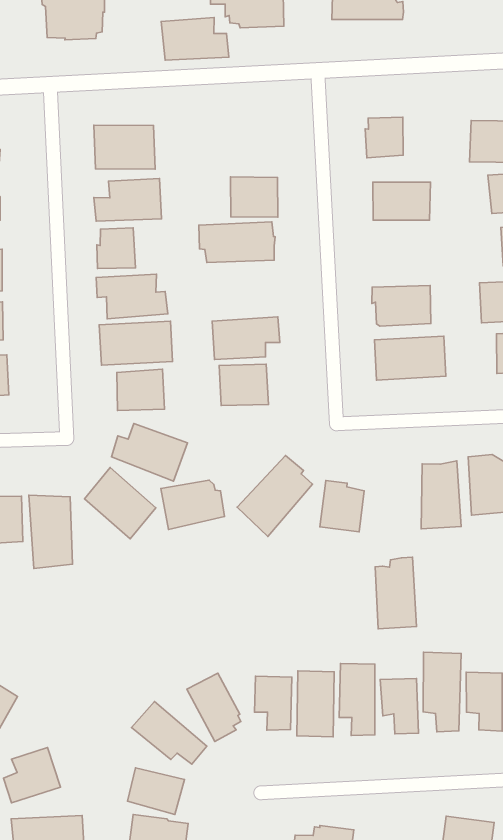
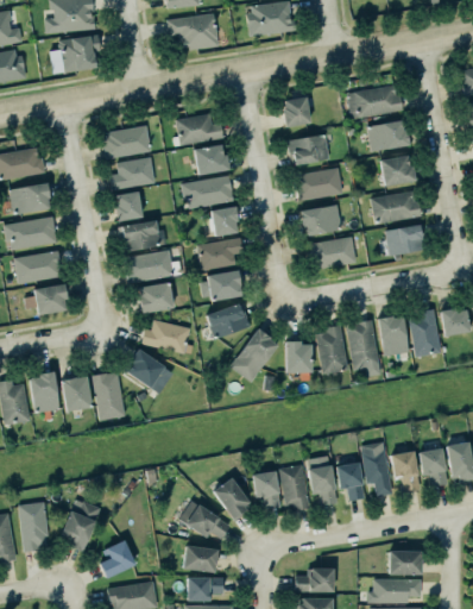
building: [161,17,229,60] -> [175,113,222,145]
building: none -> [292,167,341,201]
building: none -> [209,205,236,234]
building: [161,480,224,529] -> [204,303,248,339]
building: [375,557,416,629] -> [315,324,347,373]

